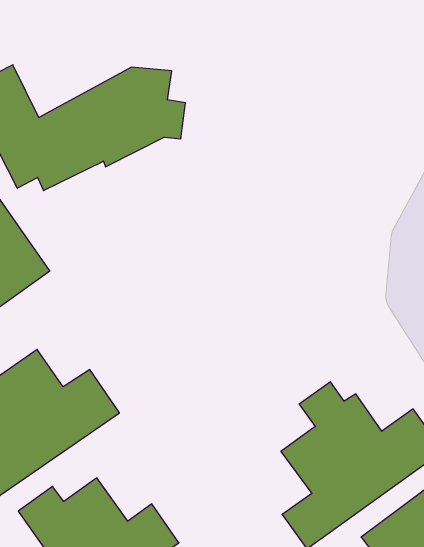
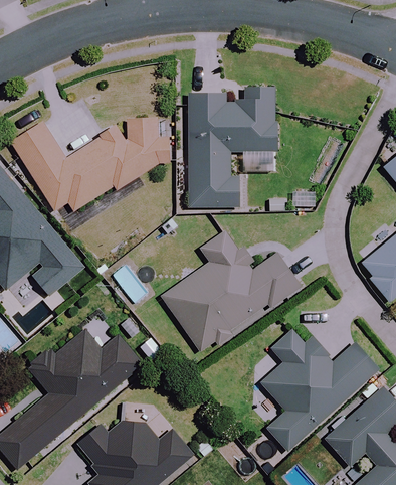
building: none -> [189,90,275,209]
building: none -> [165,229,300,354]

